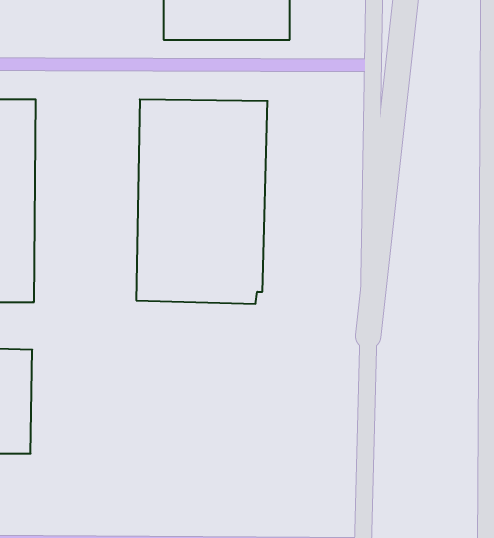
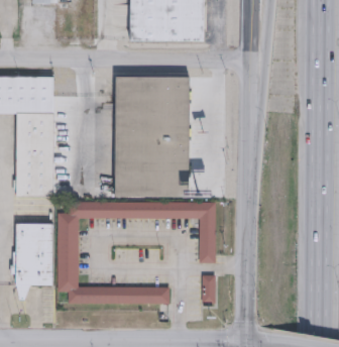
building: none -> [56,201,215,304]
building: none -> [201,275,215,304]

